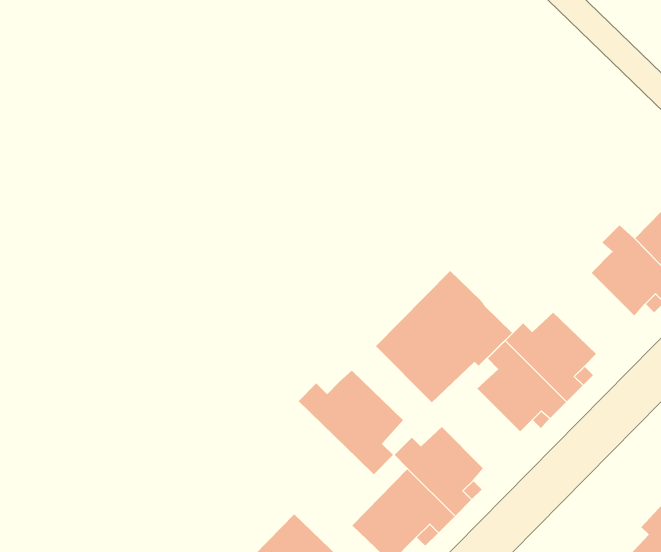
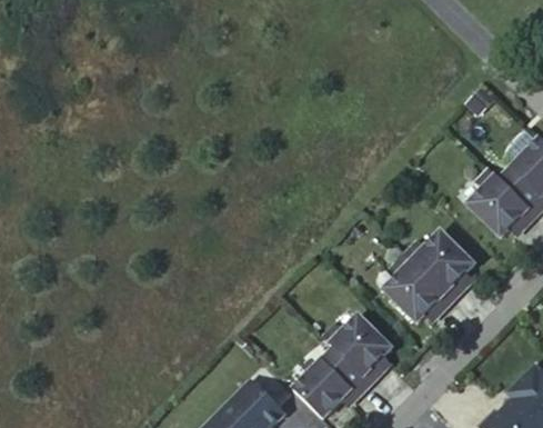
building: [375,270,513,403] -> none
building: [298,370,404,475] -> none

